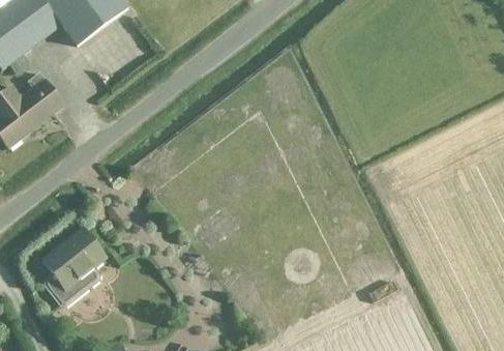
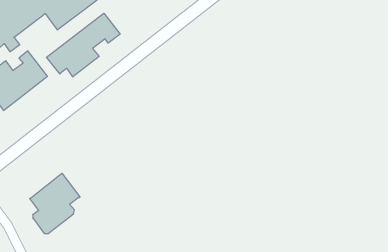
building: none -> [47,13,120,77]

